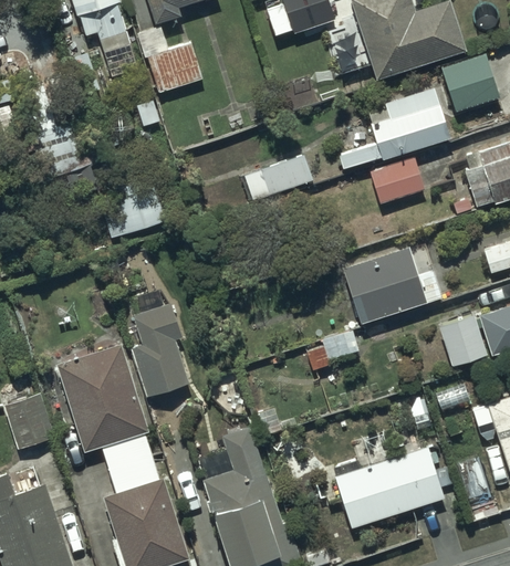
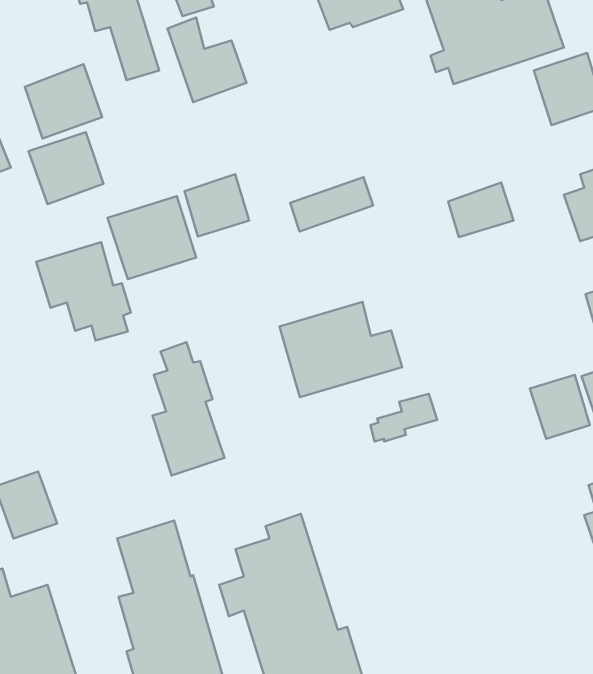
building: none -> [25,64,102,138]
building: [337,86,450,168] -> none
building: none -> [185,174,249,236]
building: none -> [36,242,131,341]
building: [344,245,444,323] -> [279,302,402,397]
building: [56,343,147,452] -> none
building: [337,437,455,526] -> none

